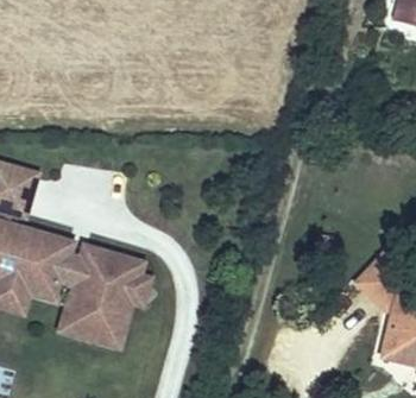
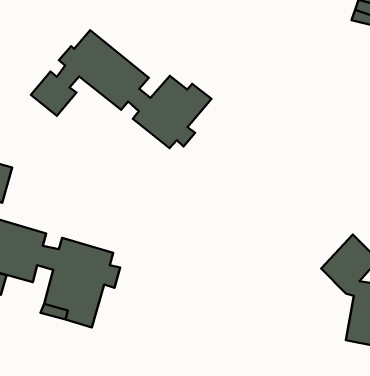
building: none -> [31,30,211,148]

